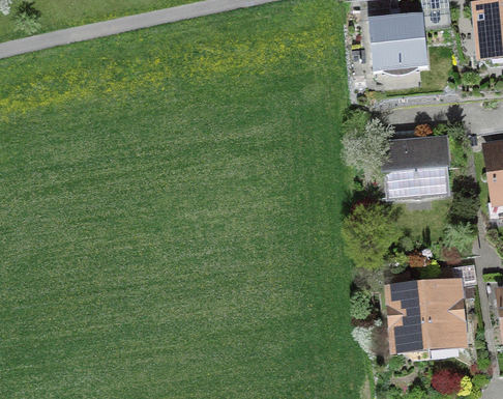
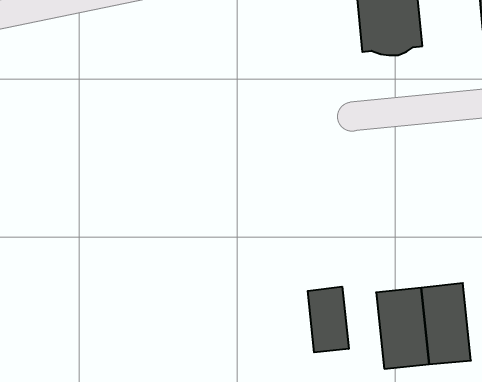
building: [384,139,452,200] -> none
building: none -> [308,287,349,352]

